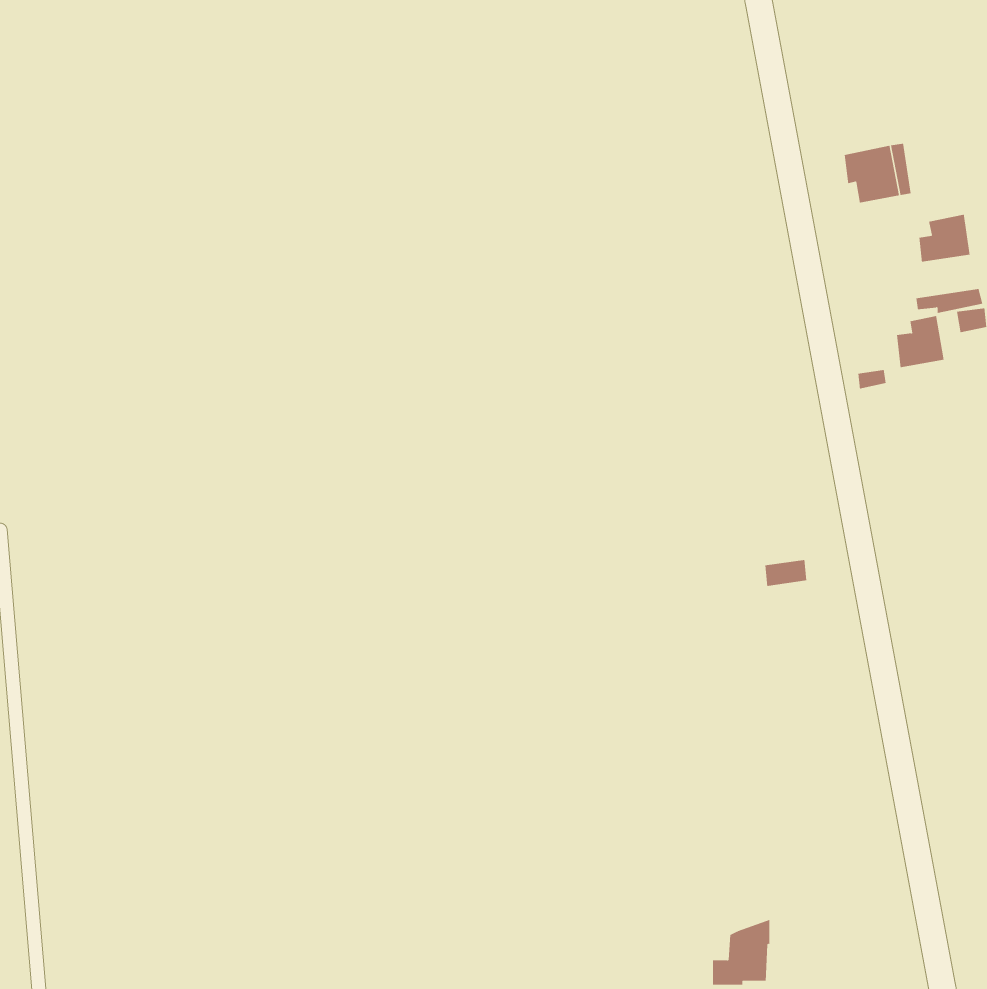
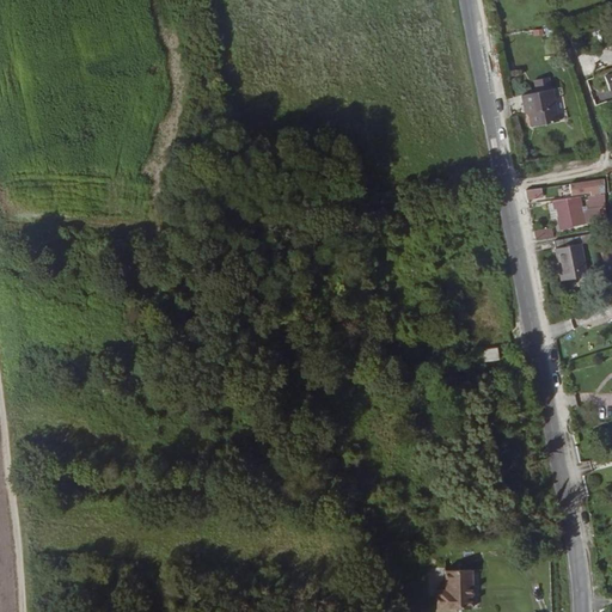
building: [919,214,970,262] -> none
building: none -> [550,234,587,282]

